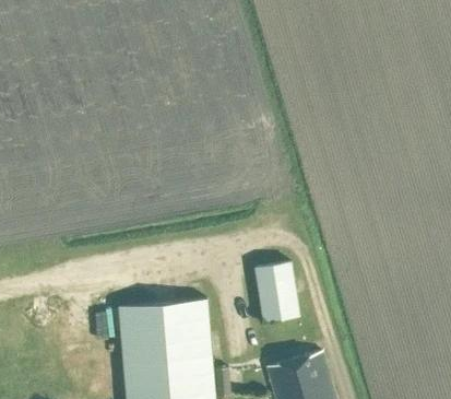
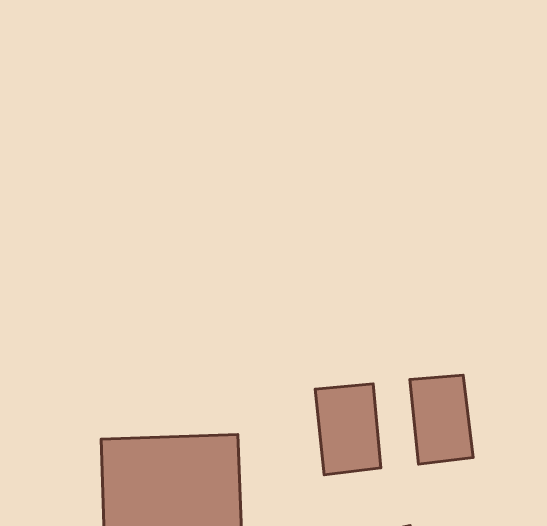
building: none -> [410,375,473,464]

